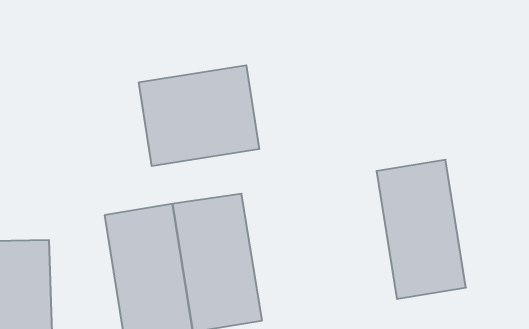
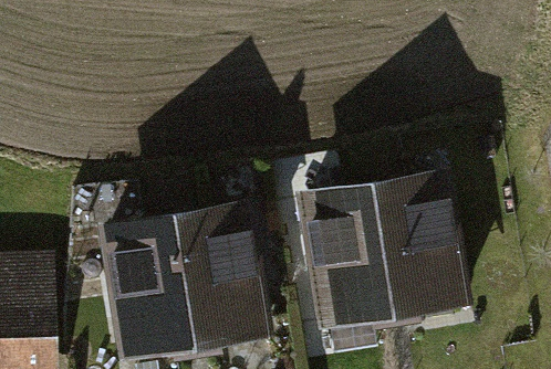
building: [139,65,259,166] -> none
building: none -> [308,190,394,325]

